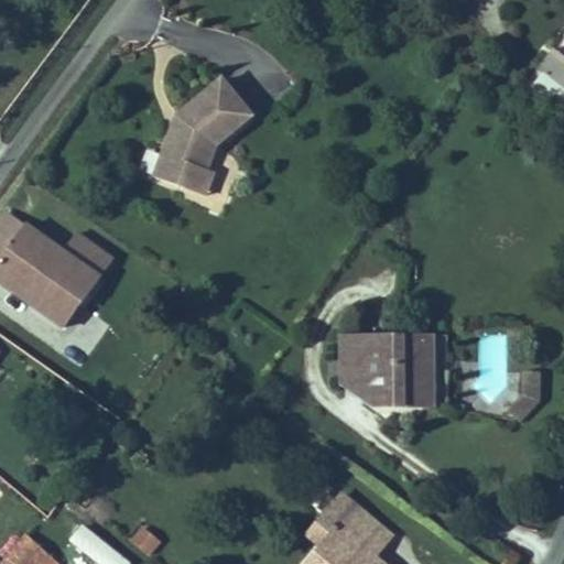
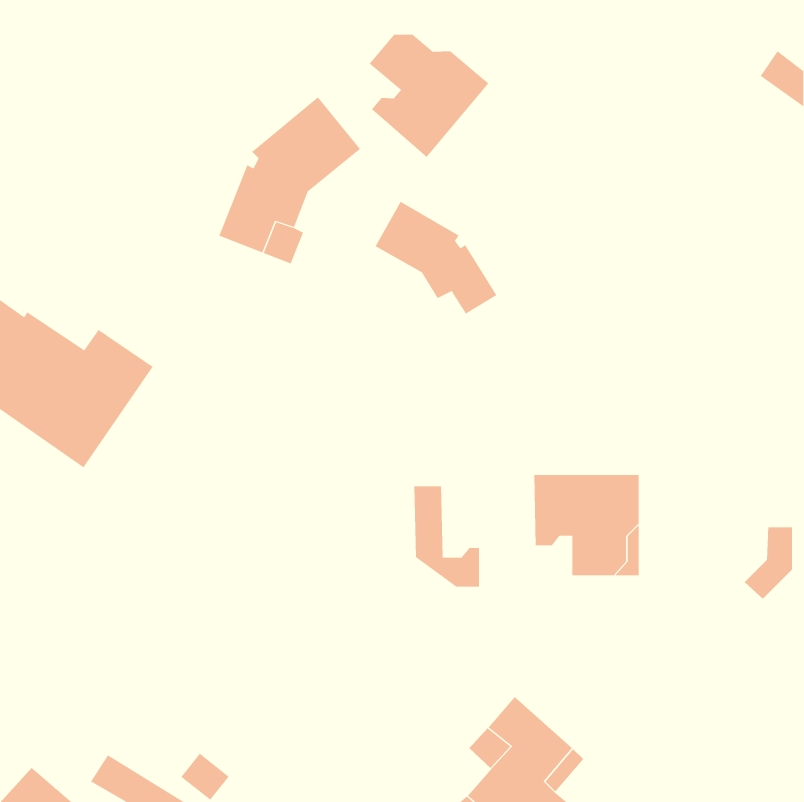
building: none -> [369,34,489,158]
building: none -> [375,201,497,314]
building: [351,335,398,405] -> [413,486,480,587]

